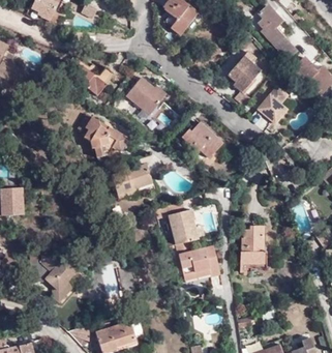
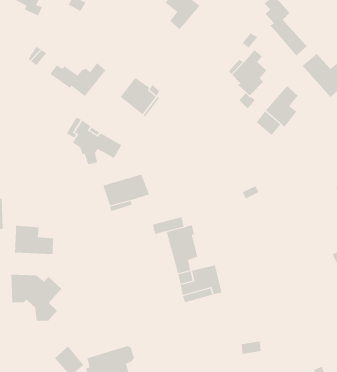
building: [182,120,222,157] -> none
building: none -> [14,225,54,255]
building: [240,227,263,267] -> none

